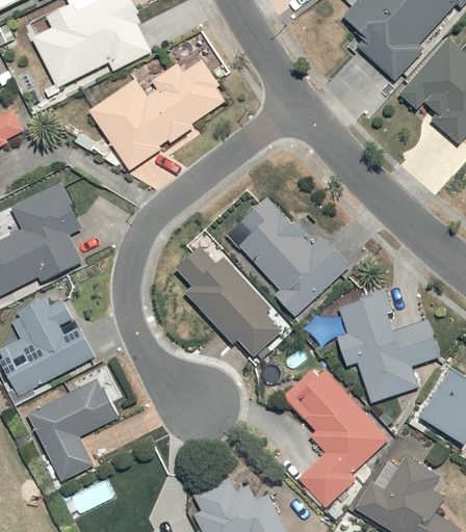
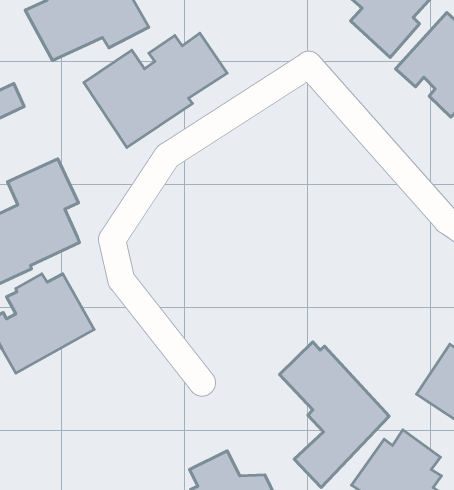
building: [237,197,352,318] -> none
building: [176,227,284,353] -> none
building: [339,292,439,401] -> none
building: [28,381,119,478] -> none

